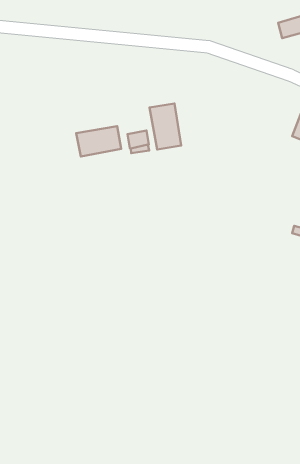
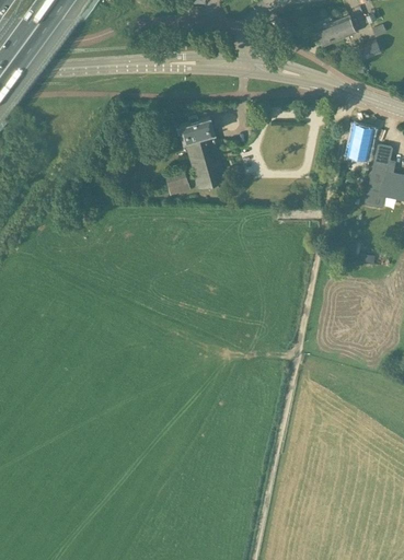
building: none -> [177,116,213,142]
building: [76,126,121,157] -> none

